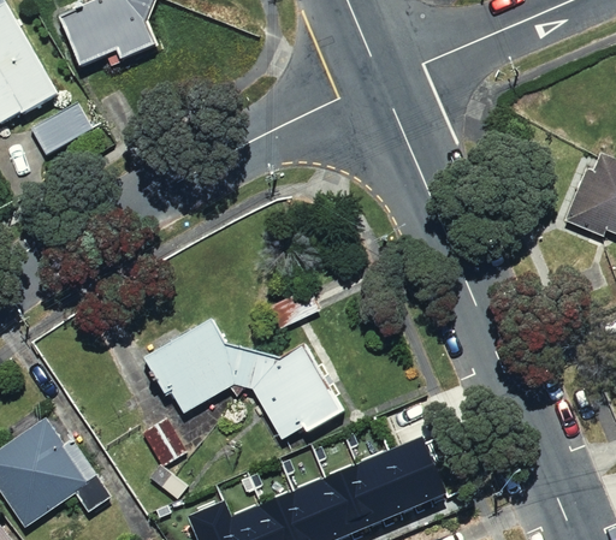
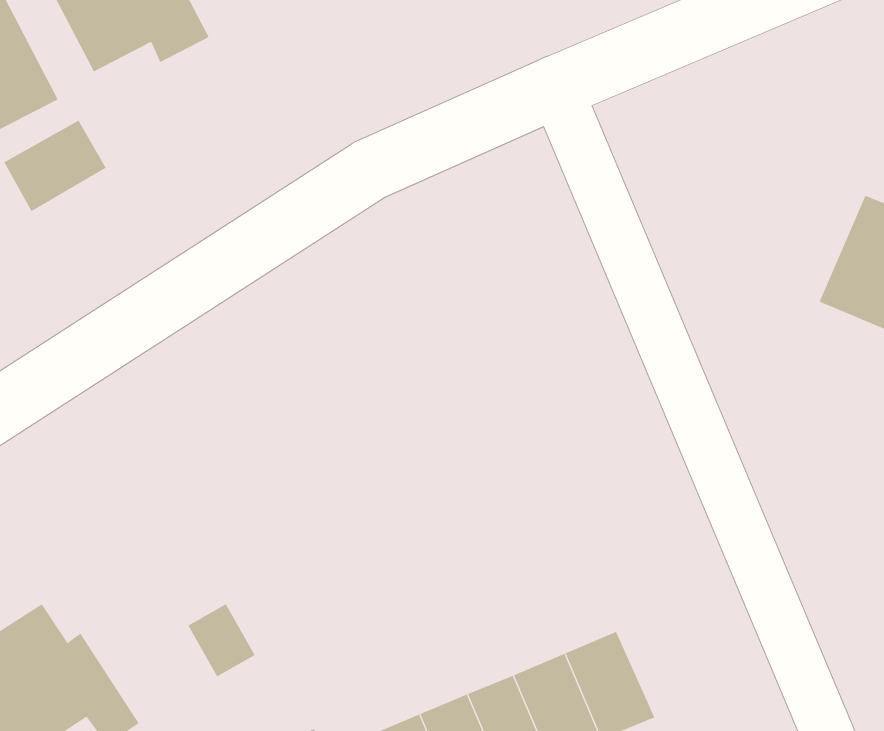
building: [143,315,343,441] -> none

